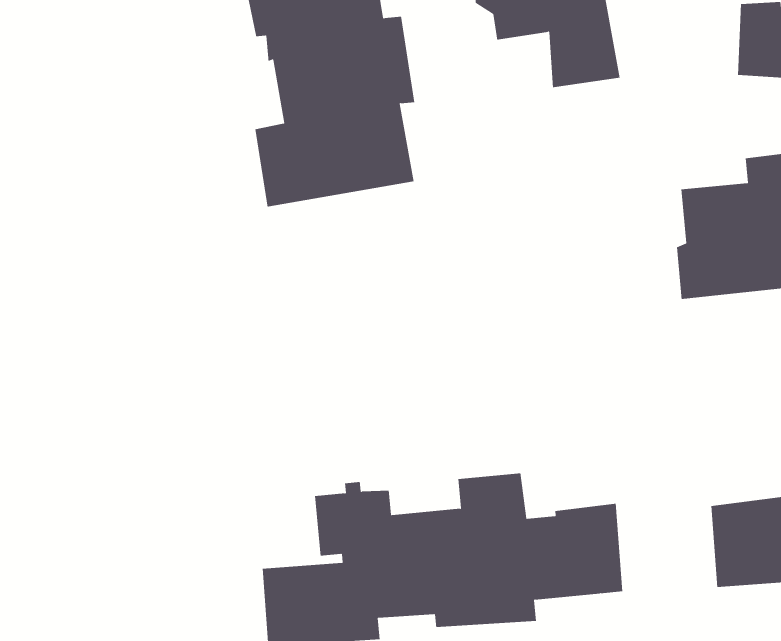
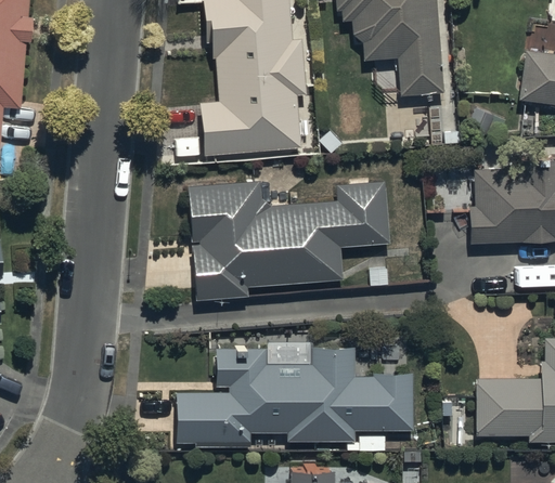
building: none -> [188,183,388,301]

